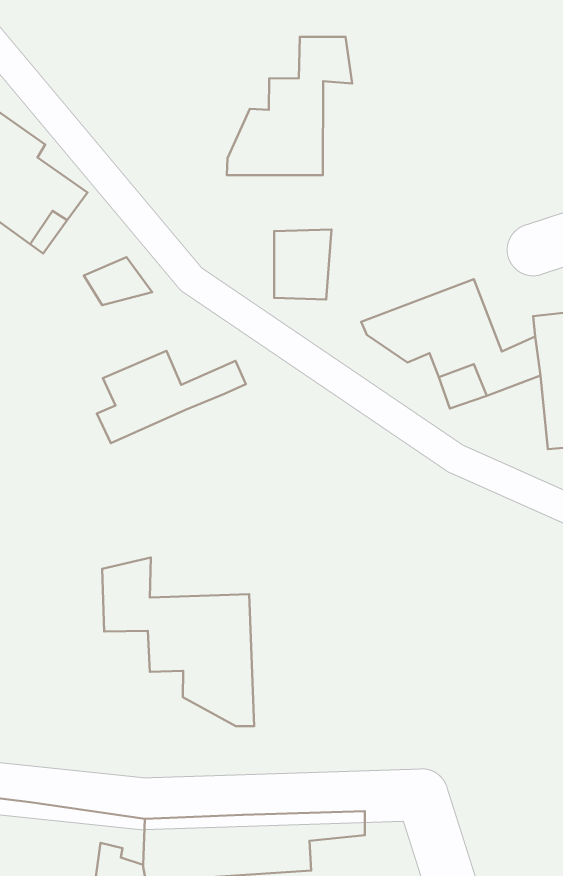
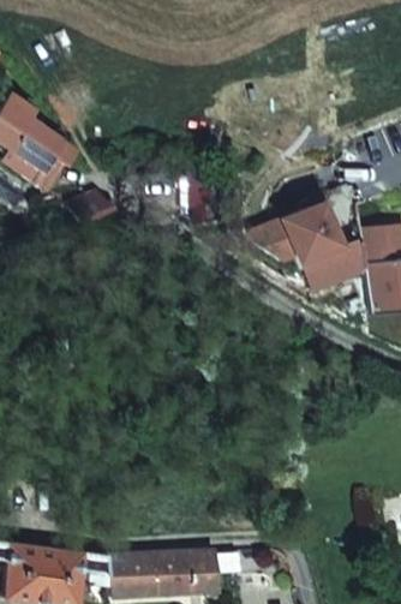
building: [227,37,352,175] -> none
building: [97,351,246,443] -> none
building: [102,558,254,726] -> none

